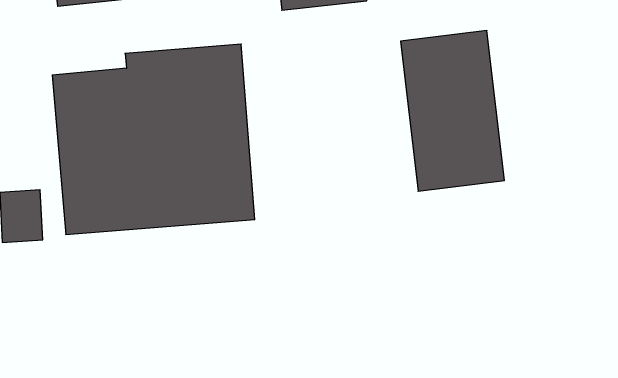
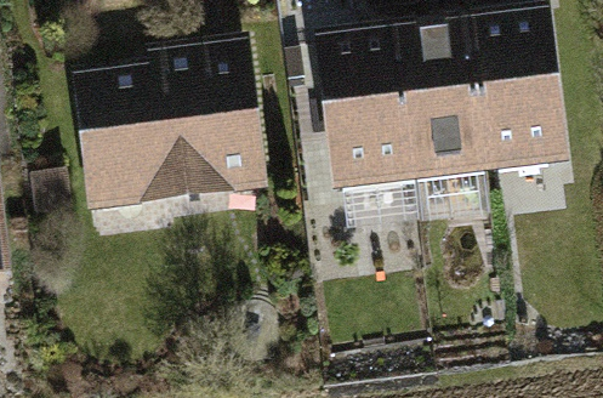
building: none -> [474,46,568,191]
building: none -> [319,66,413,209]

